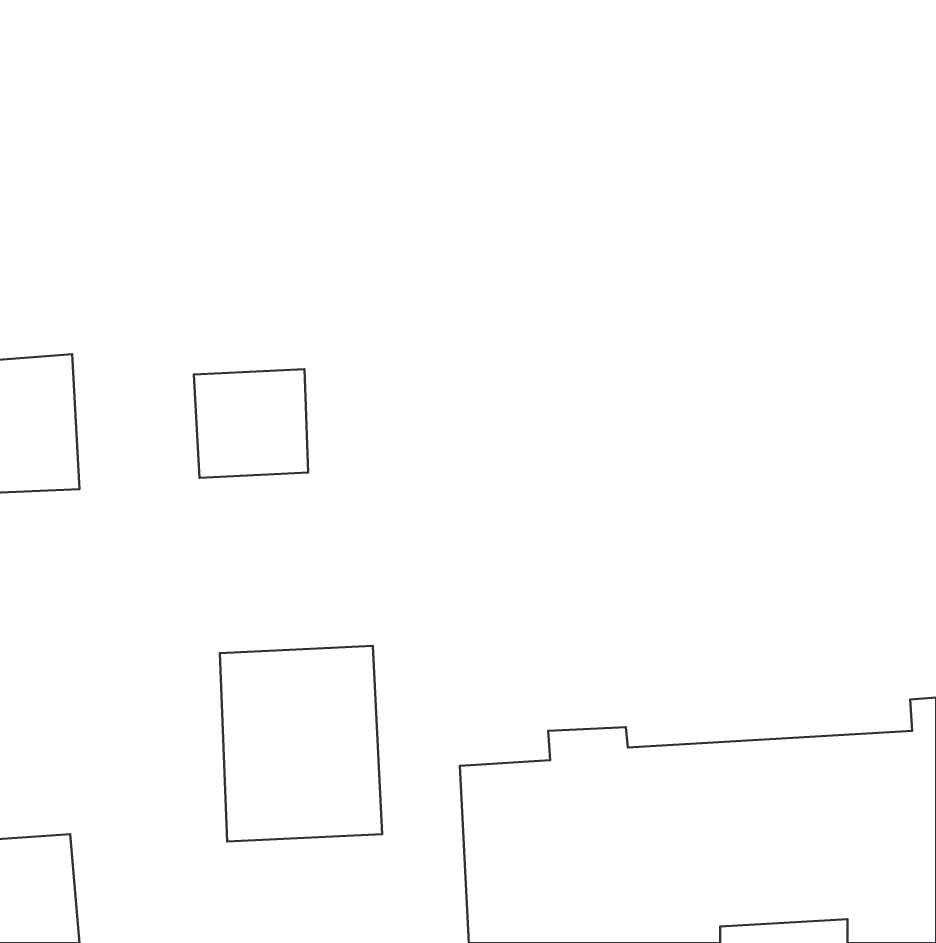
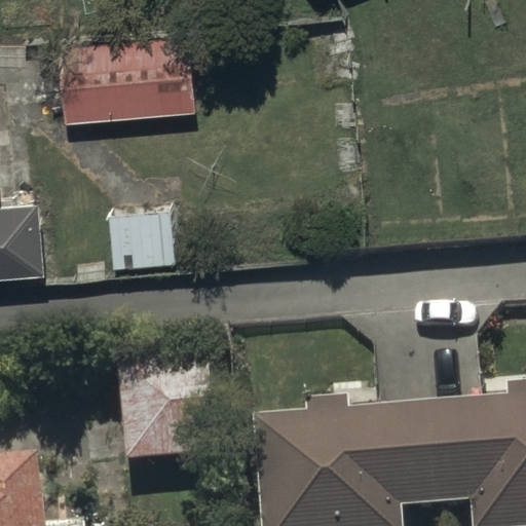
building: none -> [62,38,194,116]

